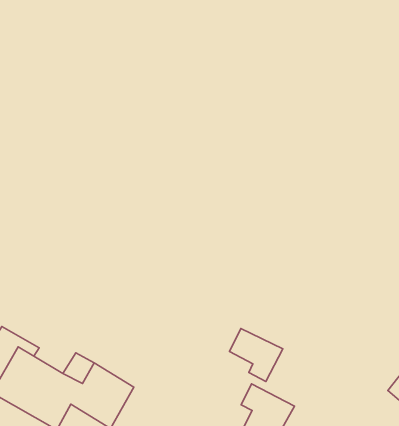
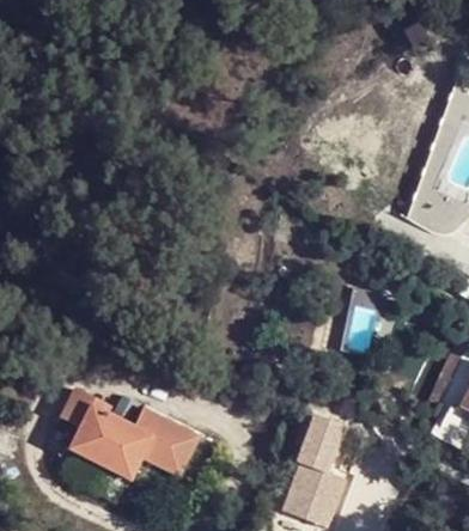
building: [230,329,283,382] -> none

